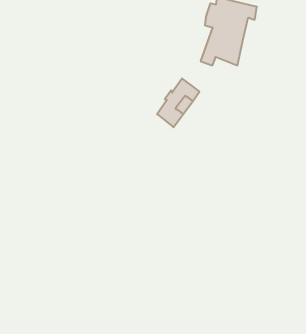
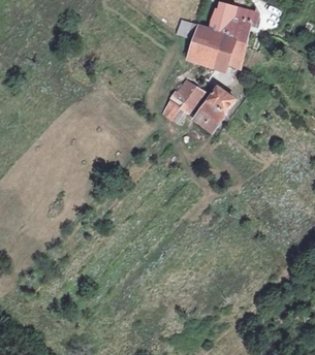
building: none -> [188,25,215,63]
building: none -> [193,87,234,131]

